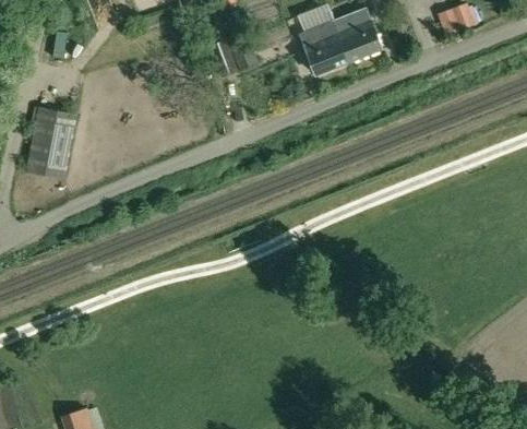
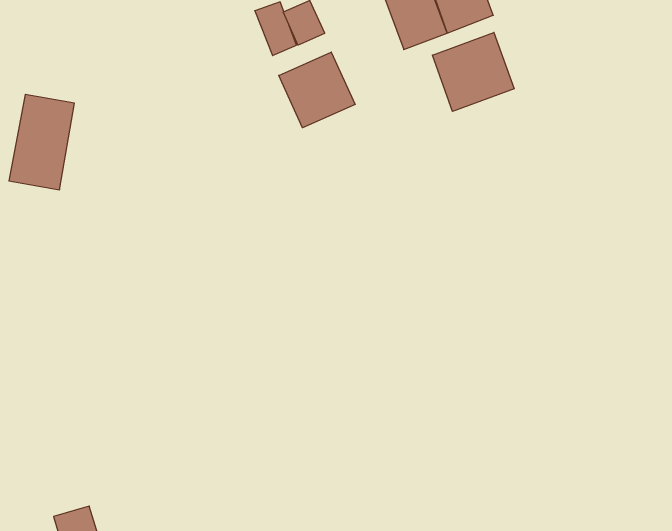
building: none -> [432,32,514,111]
building: none -> [279,52,355,128]

